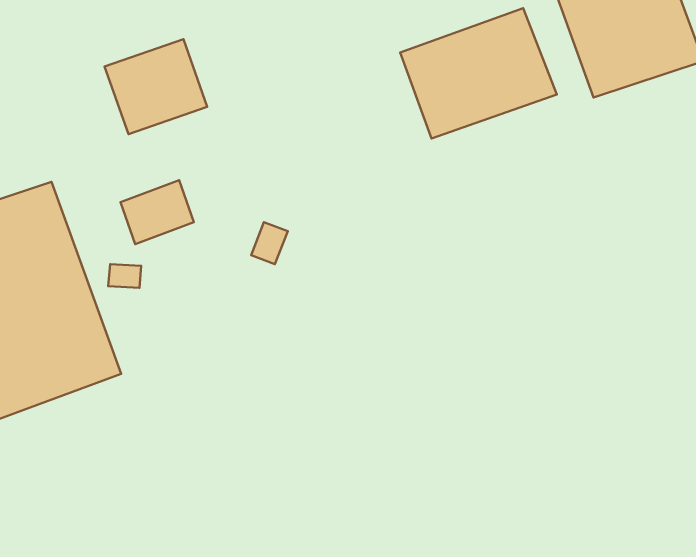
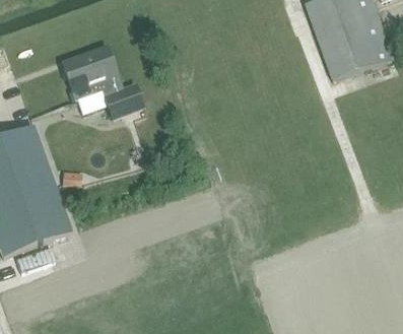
building: [400,8,557,139] -> none
building: [121,180,194,244] -> [103,83,143,119]

